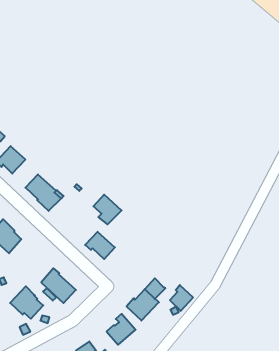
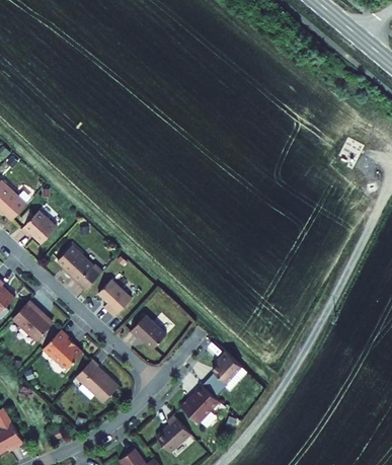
building: [93,195,122,224] -> [97,280,132,316]
building: [170,285,193,311] -> [213,352,241,383]
building: [10,286,43,319] -> [42,329,82,369]

